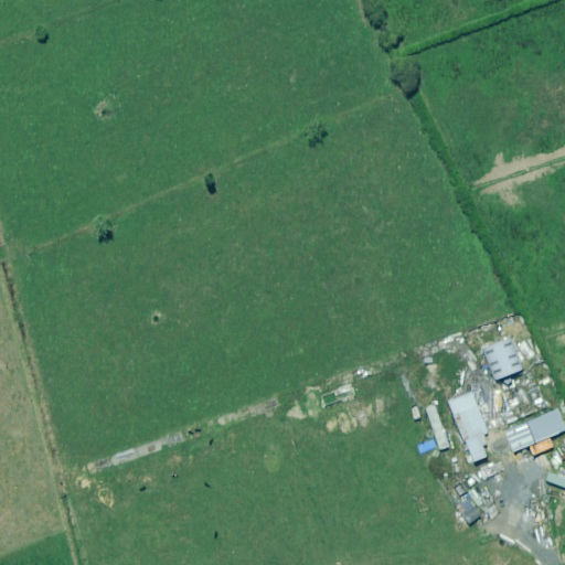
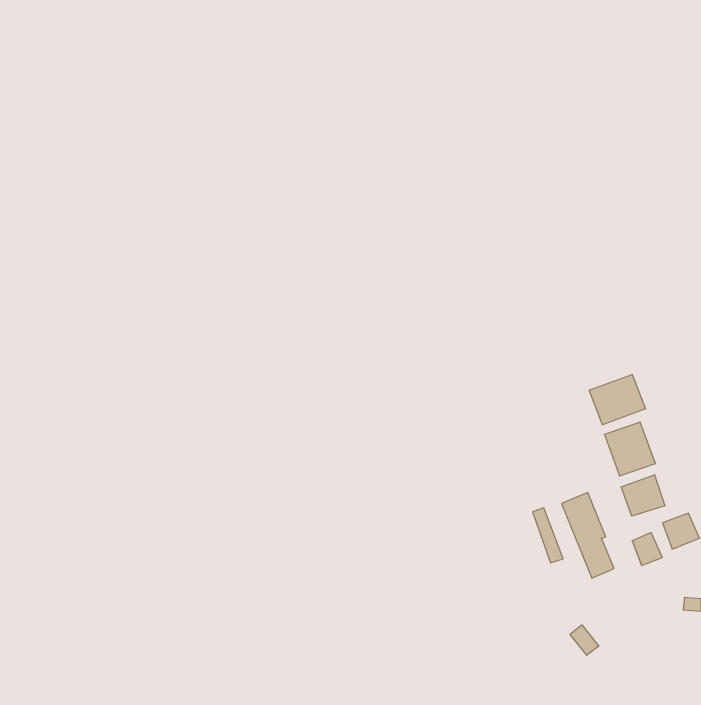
building: none -> [589,374,645,425]
building: none -> [621,475,665,516]

